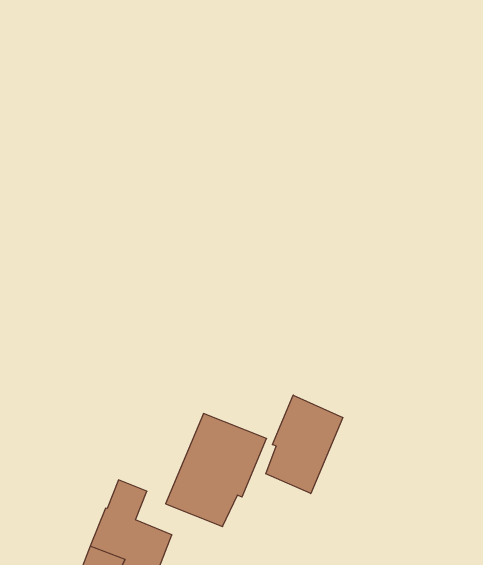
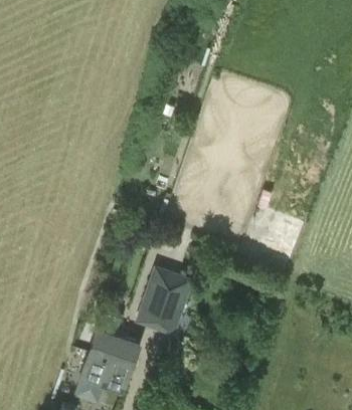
building: [266,395,343,494] -> none

